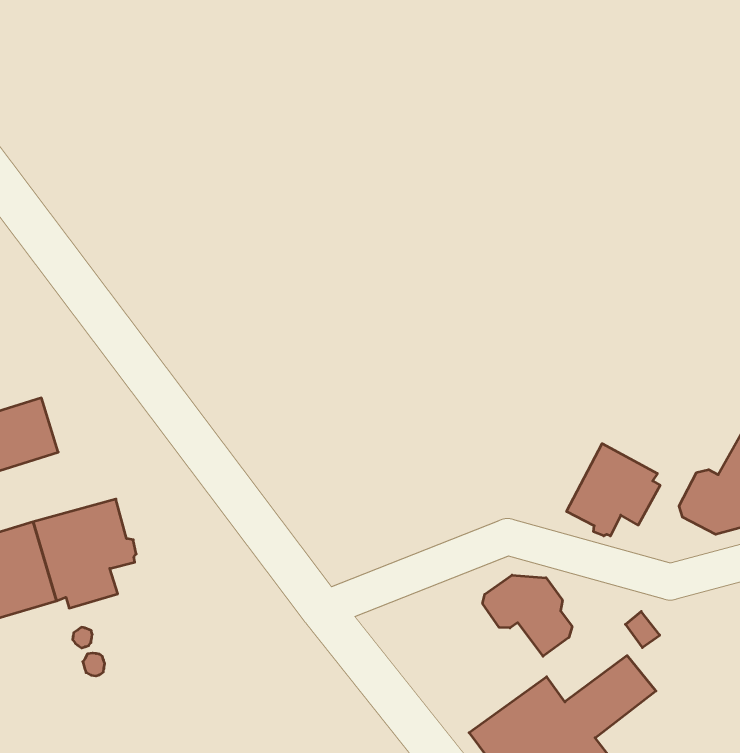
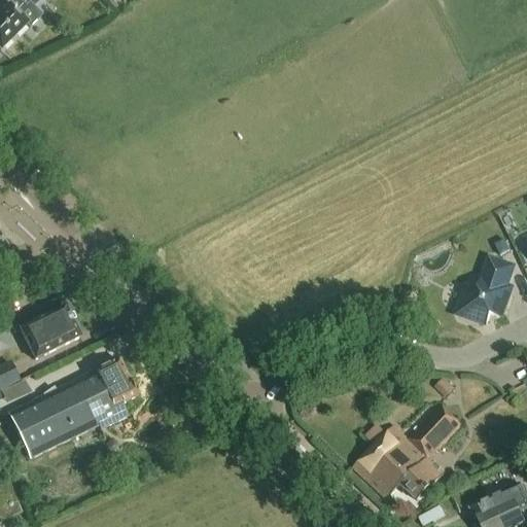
building: [567,444,660,536] -> none
building: [483,575,572,656] -> none

